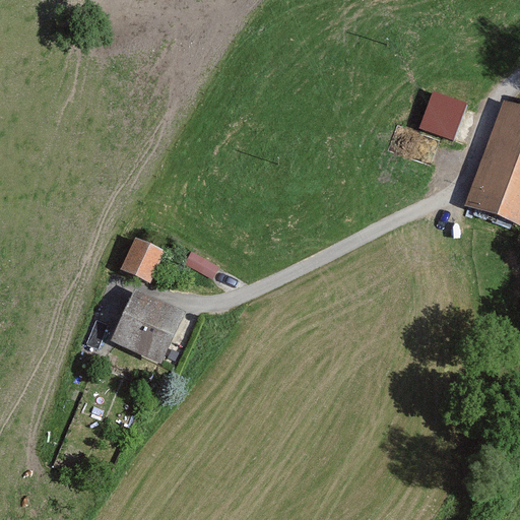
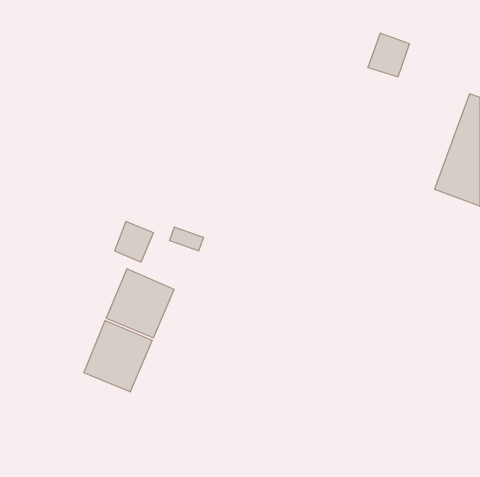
building: [418,91,463,138] -> [368,33,409,77]
building: none -> [84,320,152,392]

